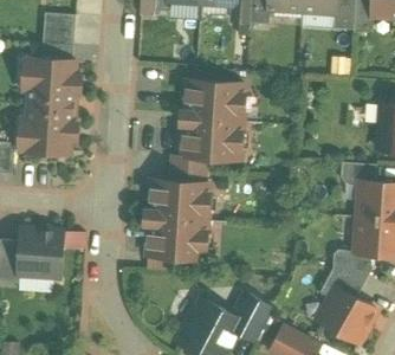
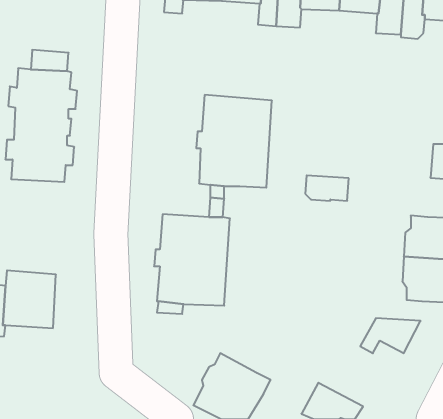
building: [43,13,76,45] -> none
building: [341,162,377,183] -> [305,175,349,201]
building: [332,250,371,271] -> none
building: [323,288,376,342] -> none
building: [232,292,273,342] -> none

